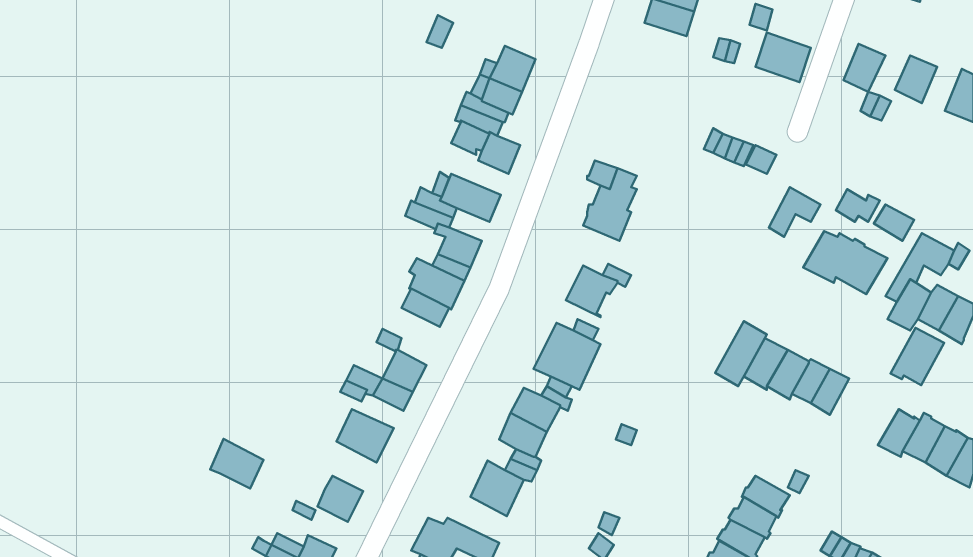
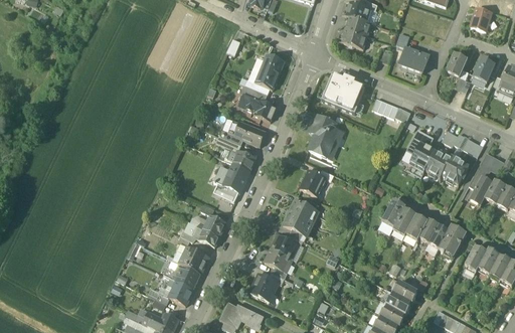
building: none -> [321,72,366,114]
building: none -> [408,143,436,173]
building: [891,328,944,385] -> [439,224,467,255]
building: [210,439,264,489] -> [172,263,200,289]

